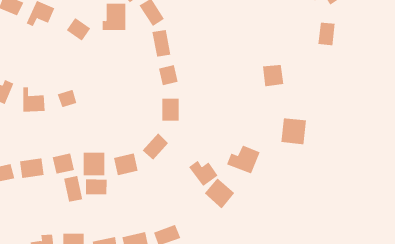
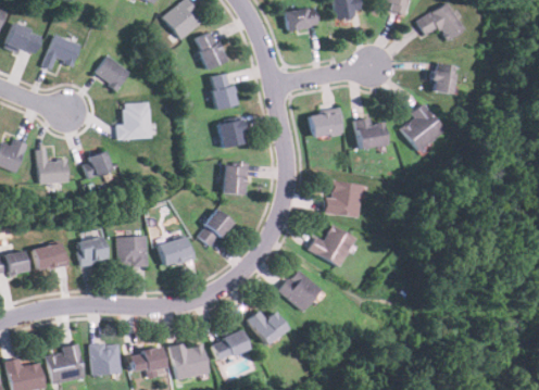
building: [102,3,126,30] -> [117,102,150,138]
building: none -> [400,104,443,151]
building: none -> [310,113,339,137]
building: [281,118,307,145] -> [326,181,361,217]
building: [188,160,219,187] -> [247,310,287,345]
building: [64,175,83,203] -> none
building: [86,179,107,195] -> none

